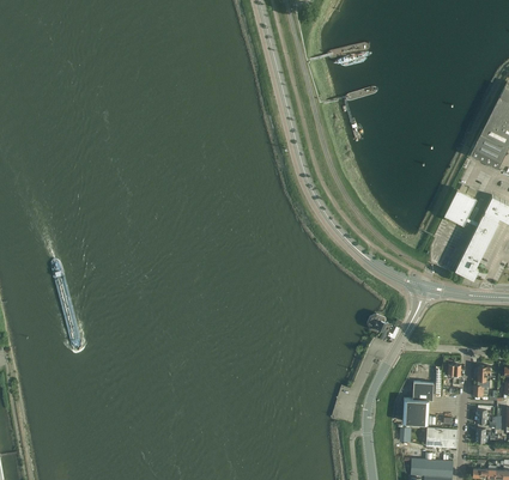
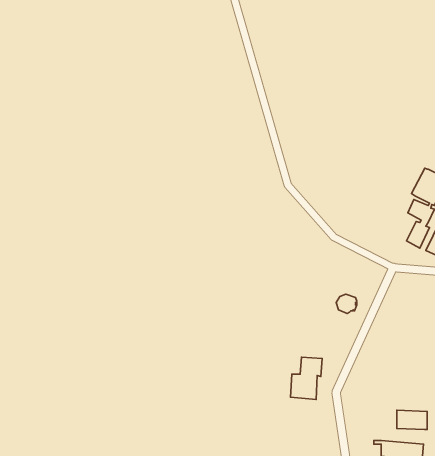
building: [402,382,434,424] -> [291,357,322,400]

